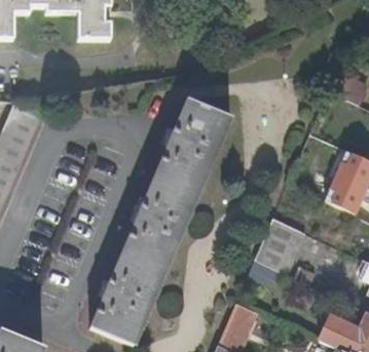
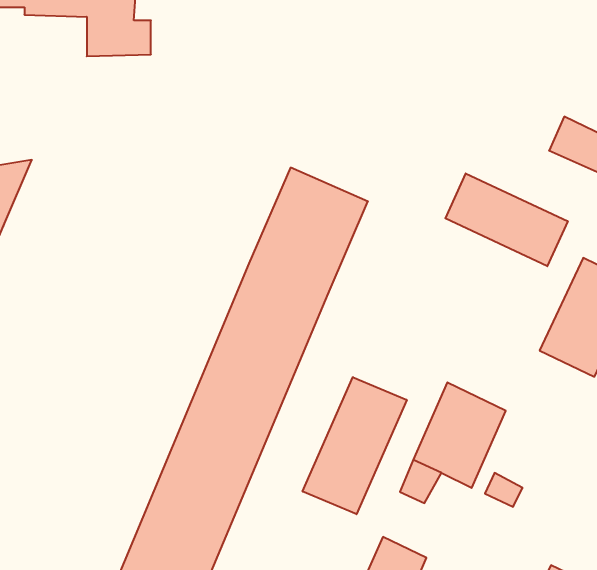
building: none -> [445,173,568,266]
building: none -> [303,377,407,514]

